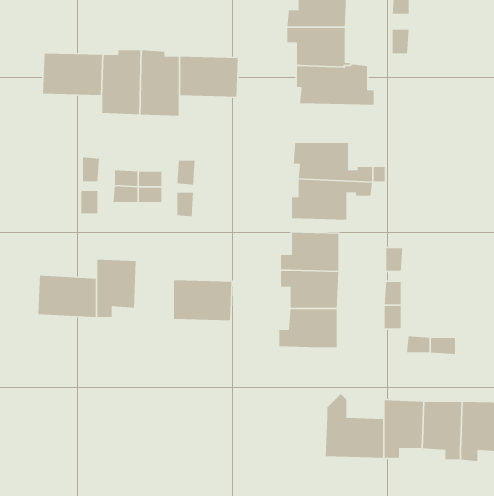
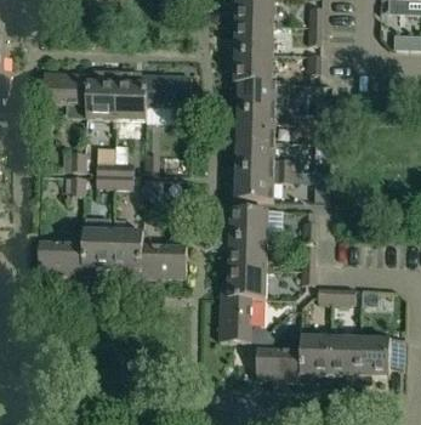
building: none -> [233,110,294,140]
building: none -> [112,230,143,274]
building: none -> [220,295,268,341]

